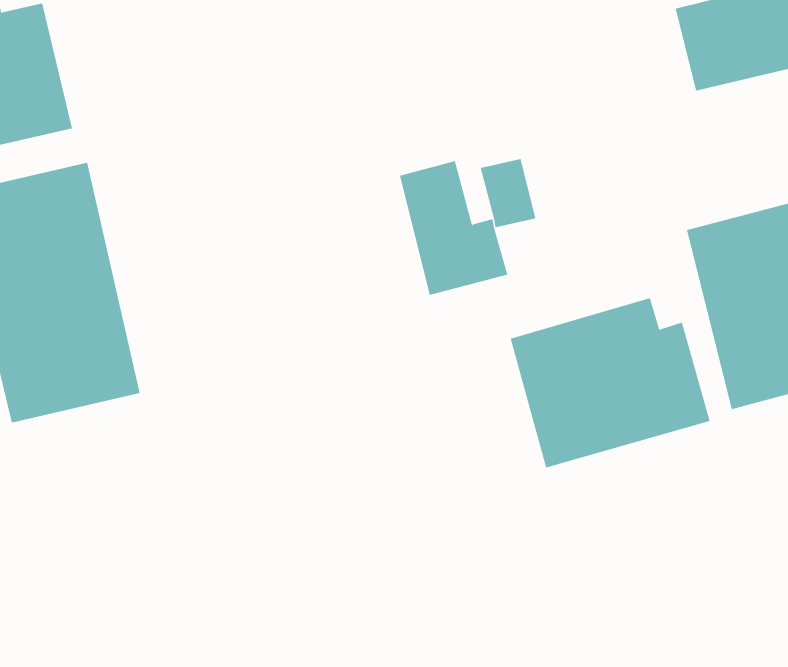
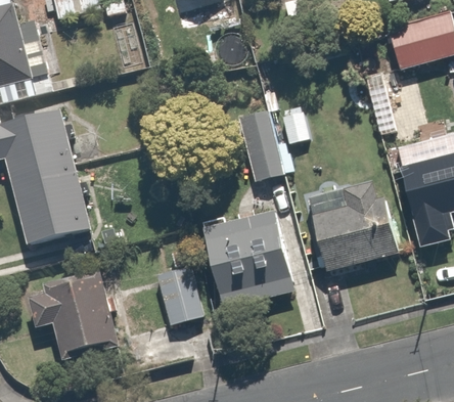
building: none -> [199,207,299,306]
building: none -> [153,263,206,324]
building: none -> [26,266,122,360]

